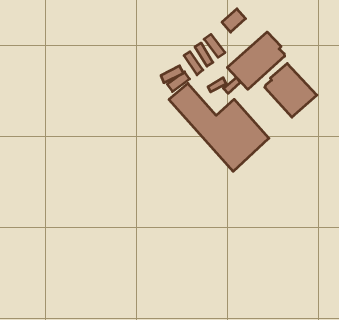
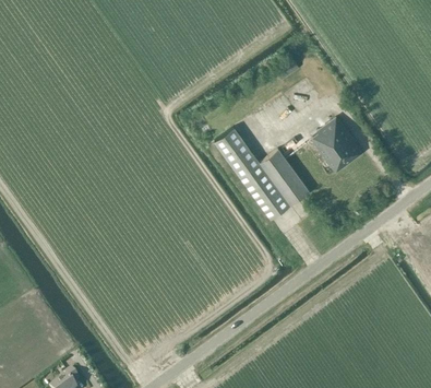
building: [227,32,285,89] -> none

